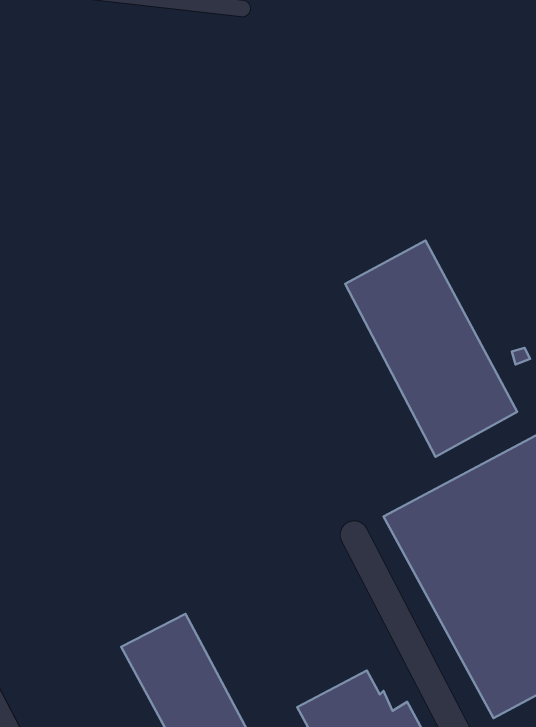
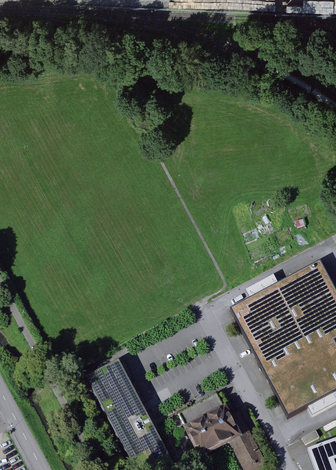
building: [345,241,517,457] -> none

